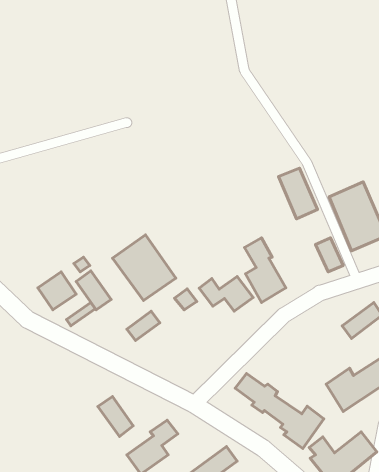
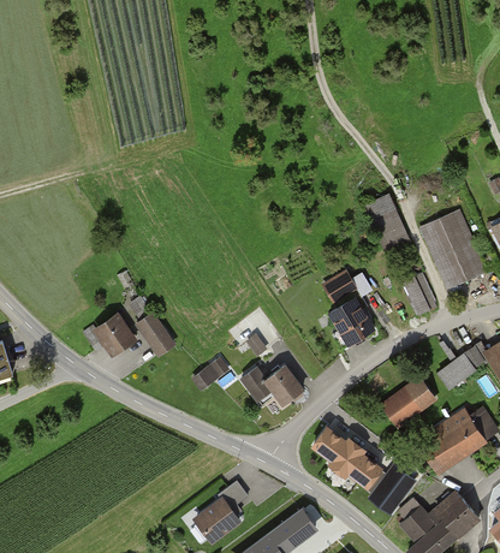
building: [113,235,176,300] -> none
building: [199,276,253,311] -> [240,365,302,405]
building: none -> [385,377,436,424]
building: [98,397,133,436] -> none

